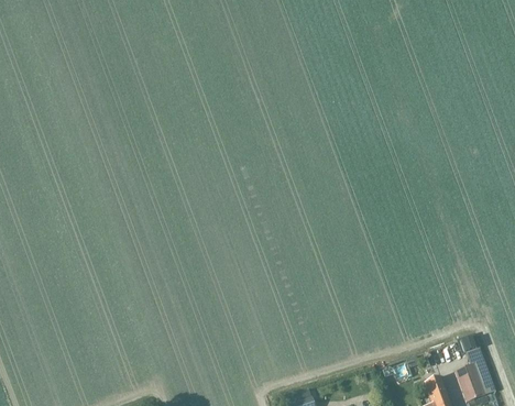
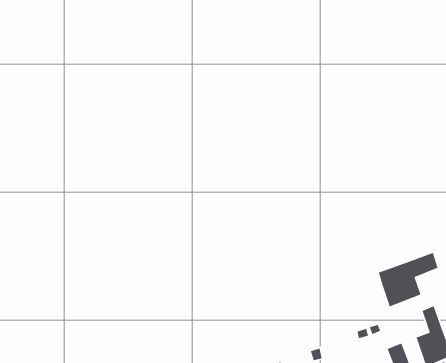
building: none -> [378,252,439,307]

